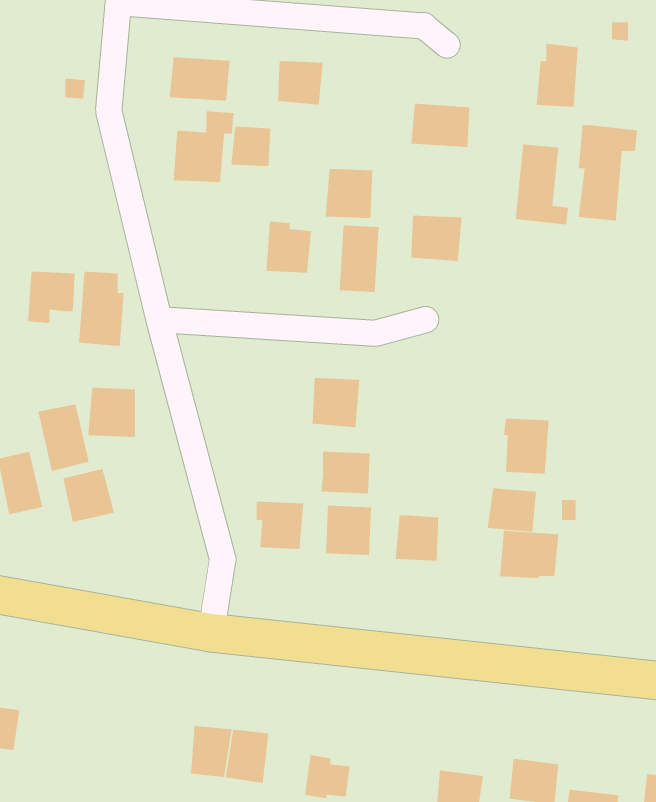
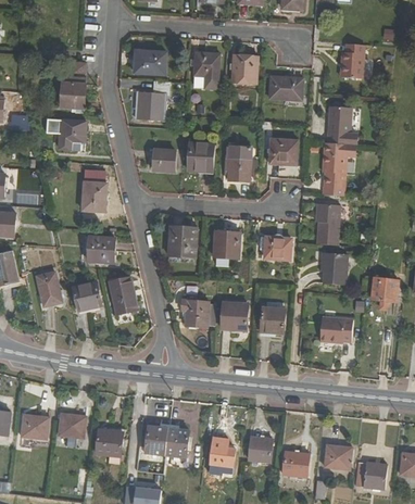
building: none -> [60,75,86,108]
building: [578,124,638,221] -> [322,140,355,194]
building: [231,126,271,167] -> [151,148,174,171]
building: [325,168,373,219] -> [230,54,257,83]
building: [27,271,75,323] -> [59,119,86,149]
building: none -> [315,202,340,243]
building: none -> [167,224,197,256]
building: [37,404,90,472] -> [109,276,138,314]
building: [320,451,371,494] -> [263,235,291,259]
building: [487,488,537,532] -> [370,276,399,301]
building: none -> [58,413,86,438]
building: none -> [95,427,123,456]
building: none -> [248,436,273,462]

